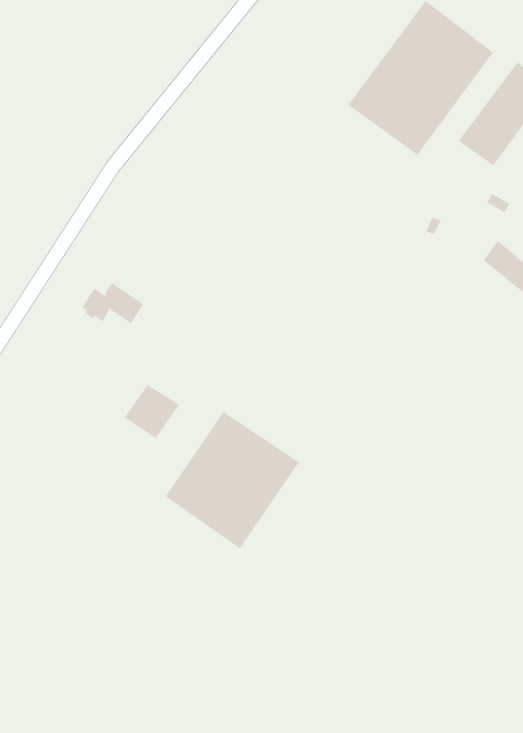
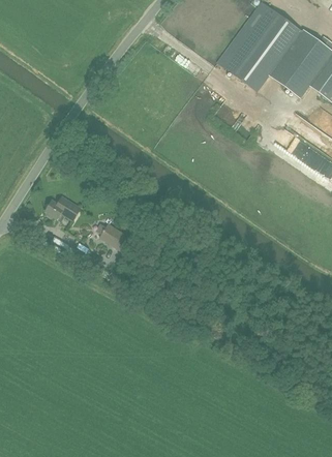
building: [81,283,144,324] -> [43,195,80,219]
building: [165,411,300,549] -> none

